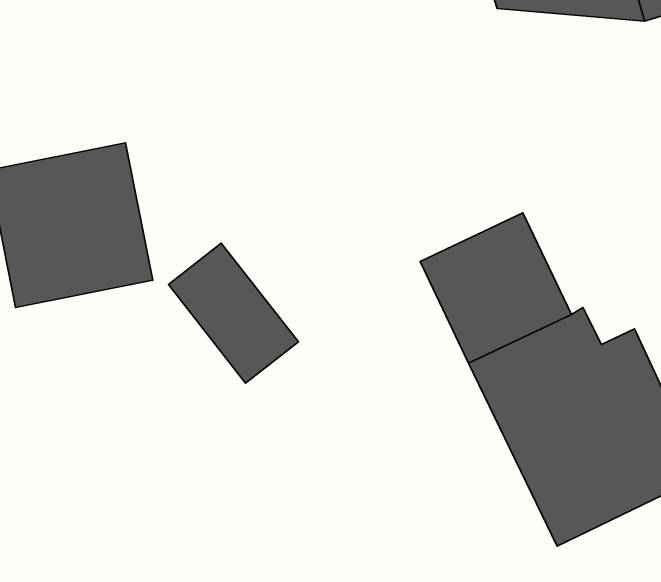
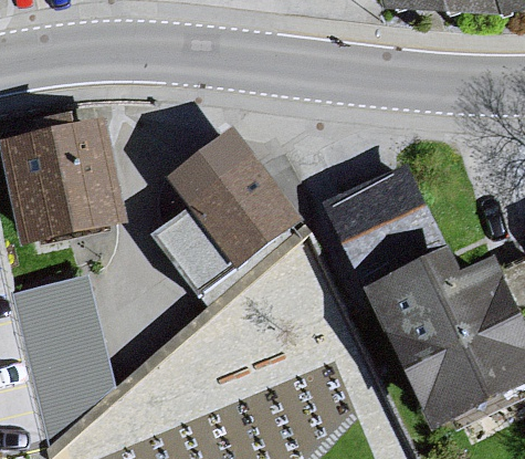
building: none -> [162,124,301,271]
building: none -> [14,254,108,400]

